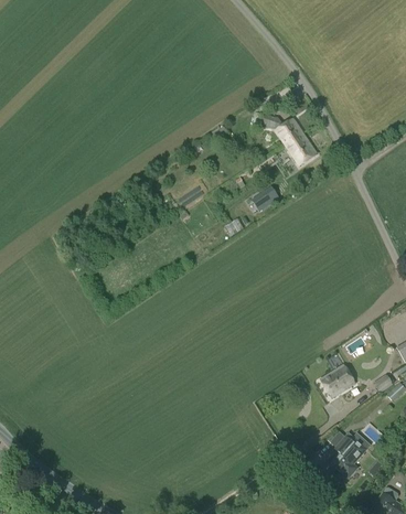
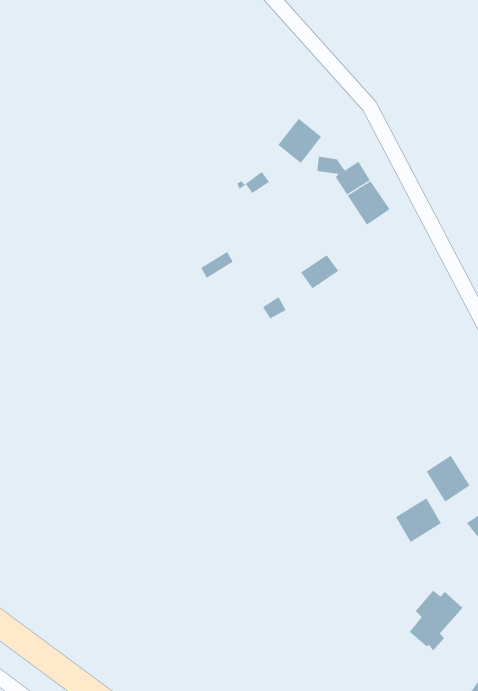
building: none -> [278,118,322,164]
building: none -> [426,455,470,502]

